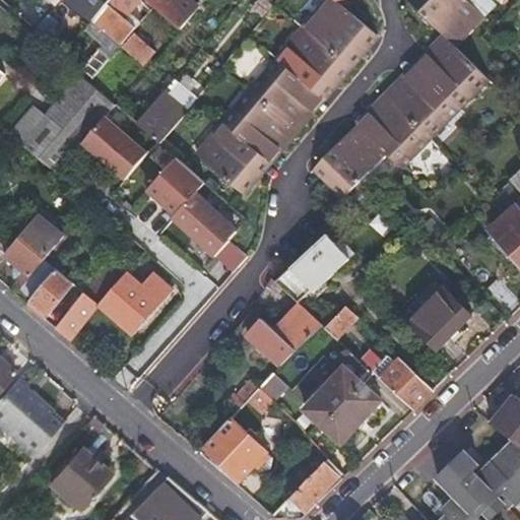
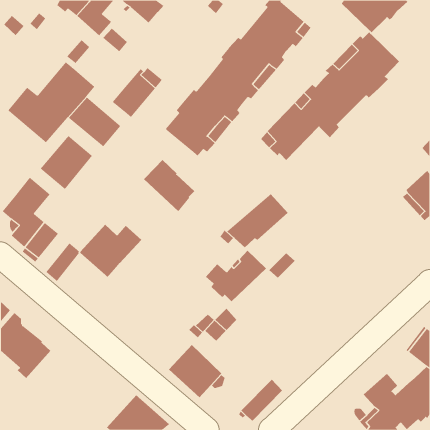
building: [147,157,203,214] -> none
building: none -> [40,135,93,190]
building: [408,287,470,349] -> none
building: [306,346,380,441] -> none
building: [379,355,434,409] -> none
building: [46,450,108,512] -> none

